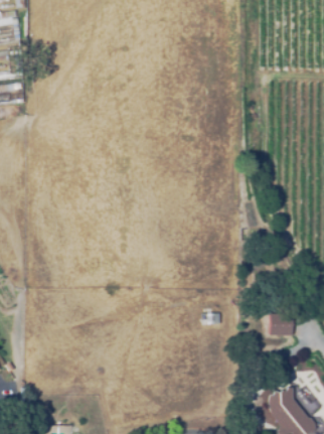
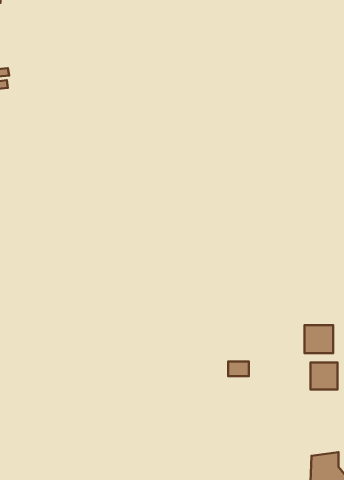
building: none -> [305,325,333,353]

